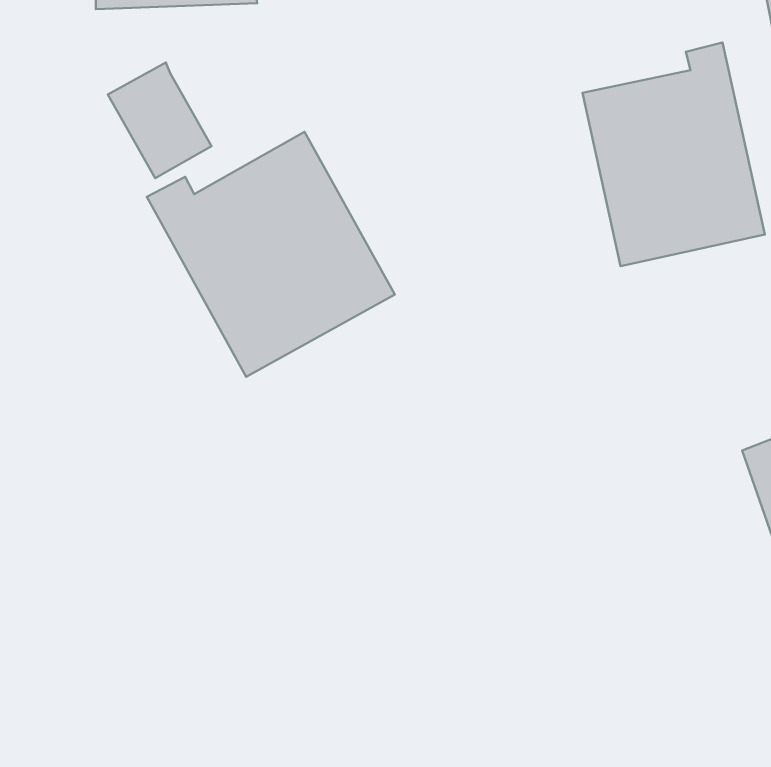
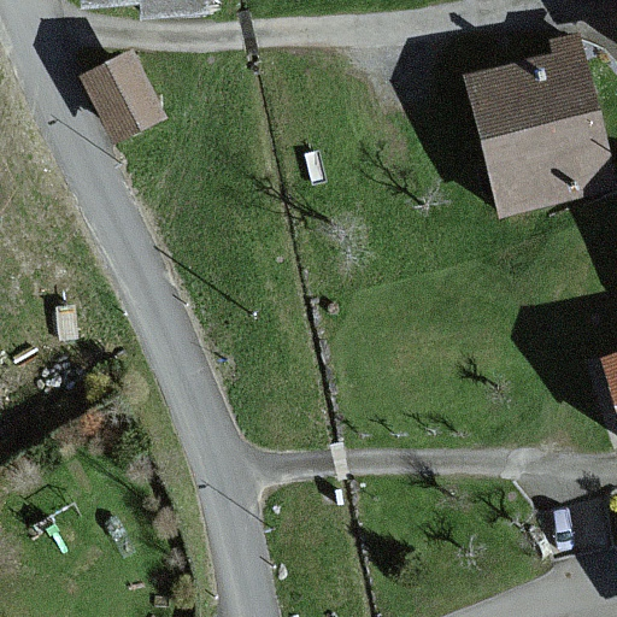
building: [147,132,395,377] -> none

